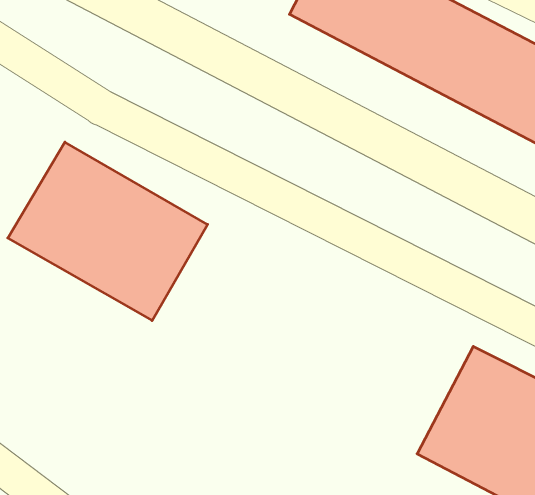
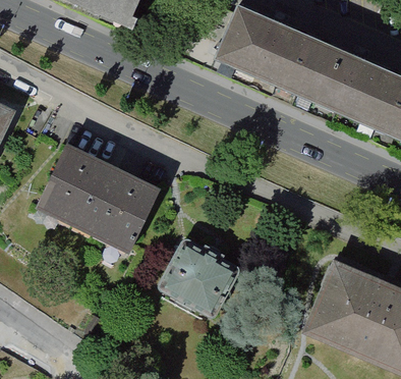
building: none -> [161,245,240,319]

